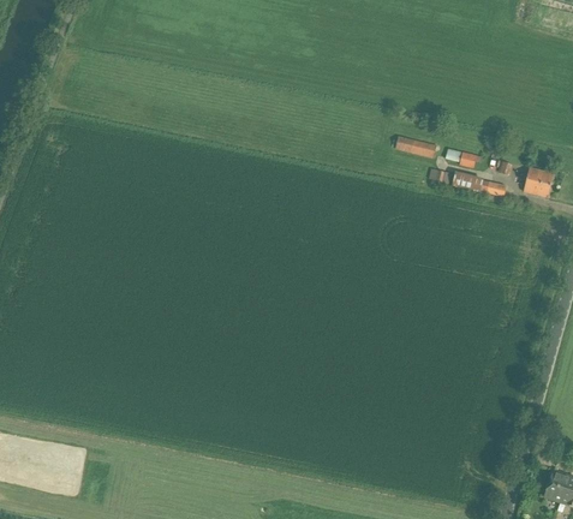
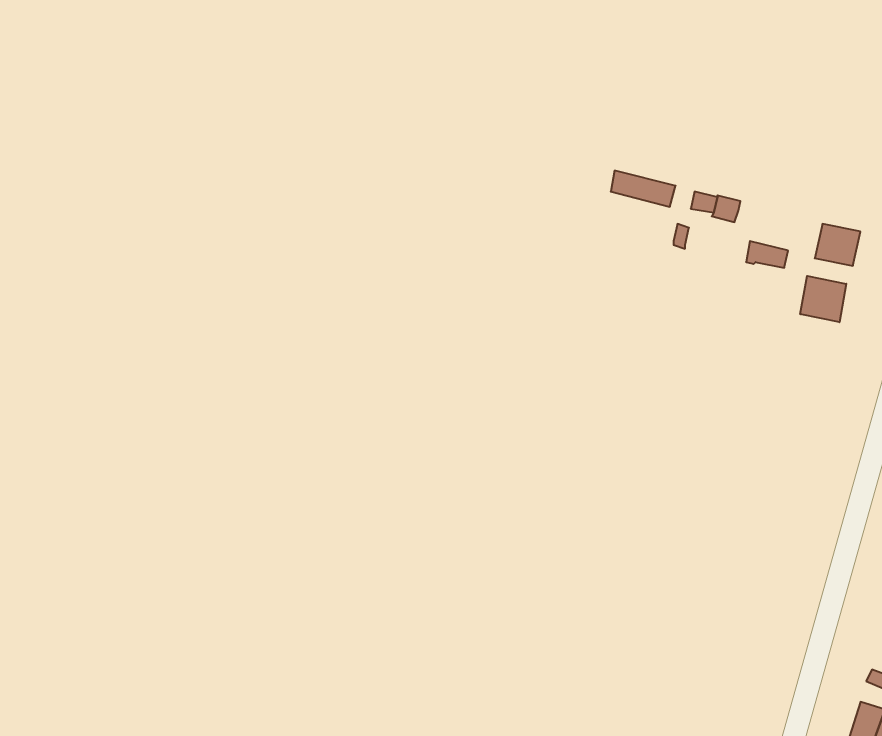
building: none -> [800,276,846,322]

